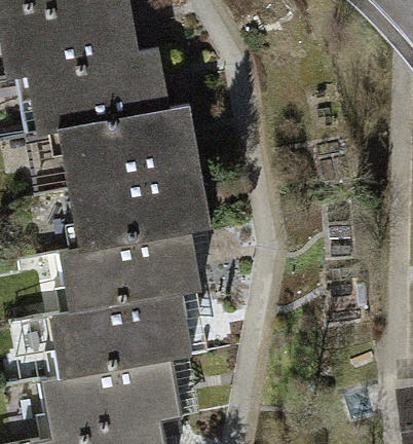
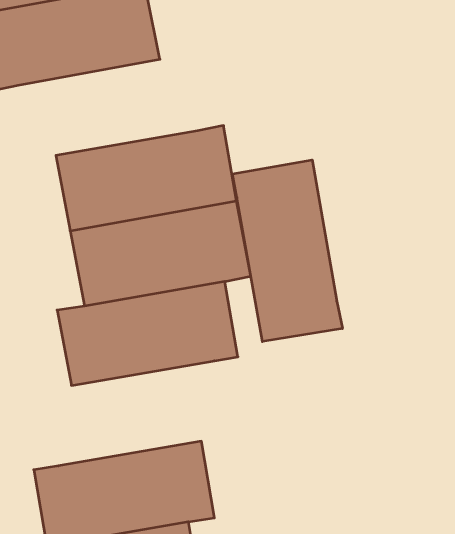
building: [26,48,167,132] -> none
building: none -> [233,160,342,342]
building: [47,290,191,373] -> none

